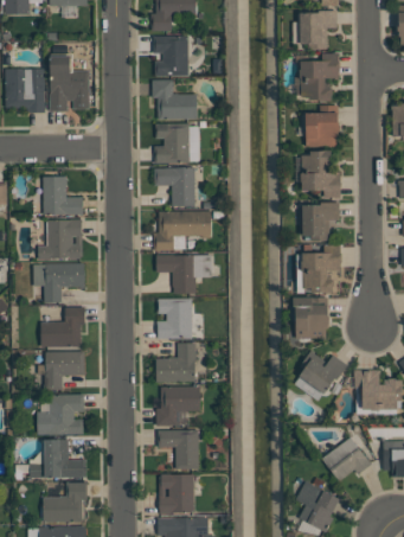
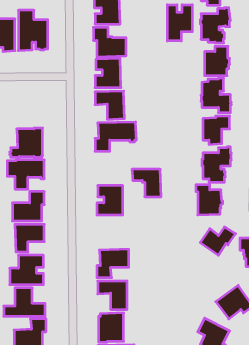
building: none -> [167,5,192,41]
building: [43,177,82,216] -> none
building: [155,256,195,294] -> [132,169,161,197]
building: [155,344,195,383] -> none

